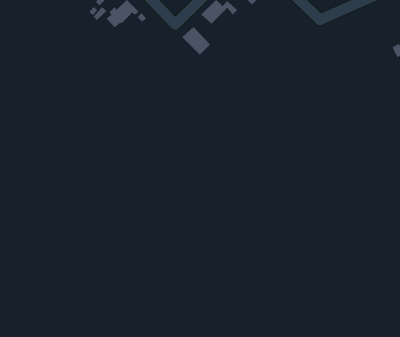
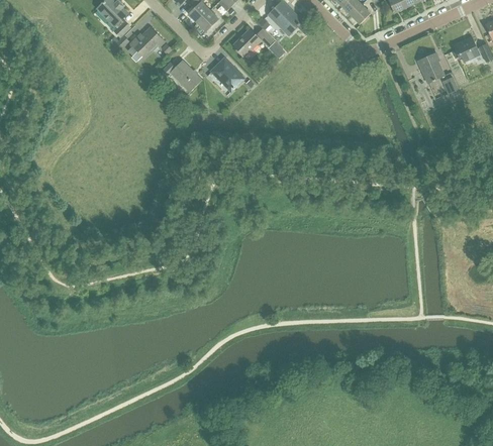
building: none -> [417,52,443,82]
building: none -> [158,60,201,92]

